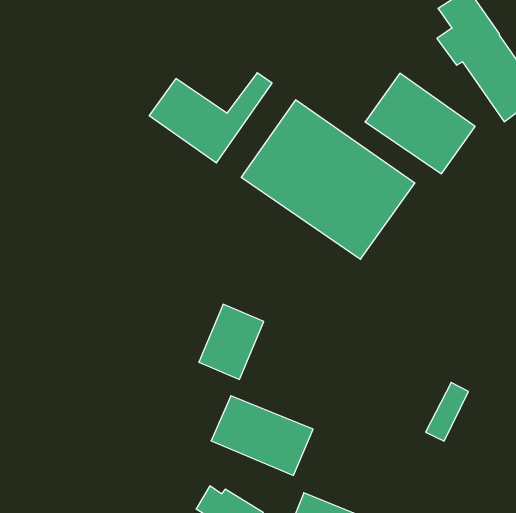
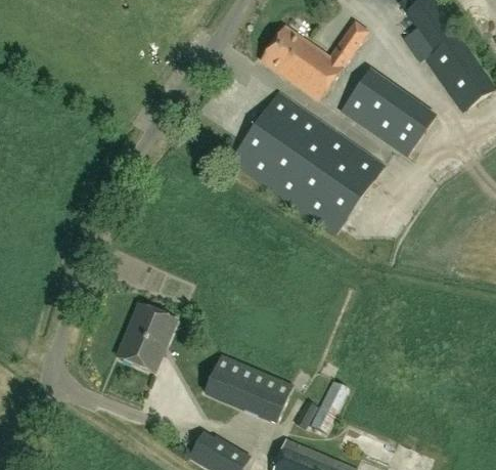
building: [149,73,272,163] -> [260,20,368,100]
building: [199,304,264,379] -> [118,304,175,371]
building: [426,382,468,441] -> [310,380,348,432]

